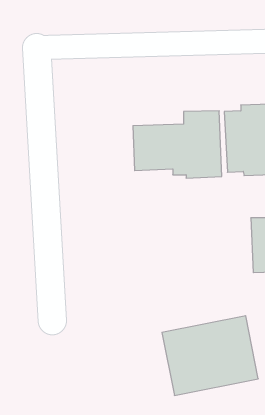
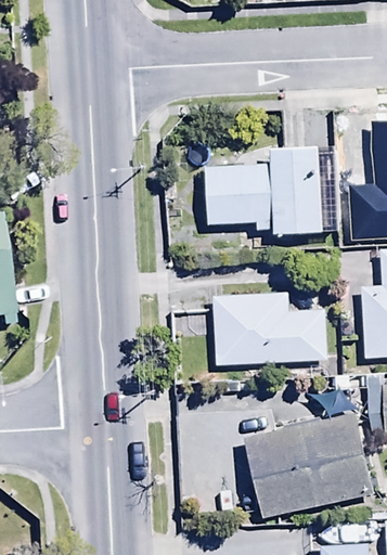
building: none -> [215,293,328,364]

